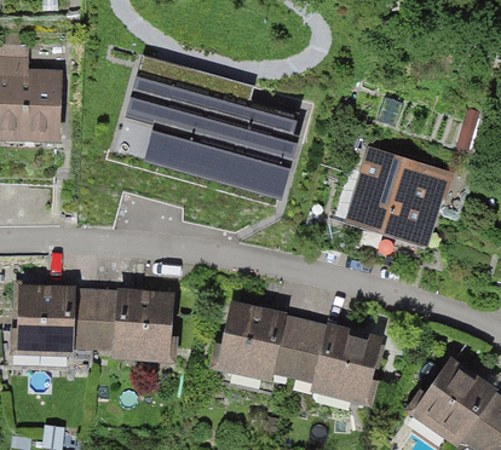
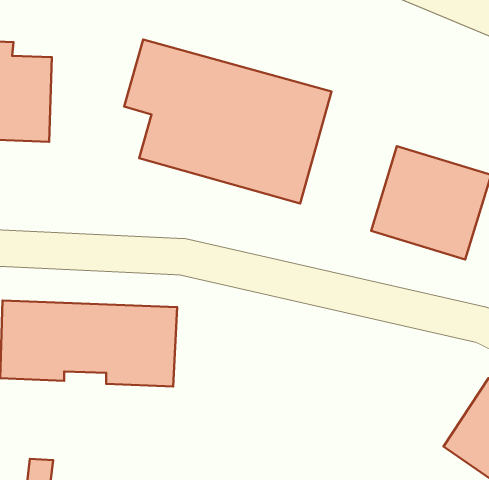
building: [213,299,388,409] -> none

